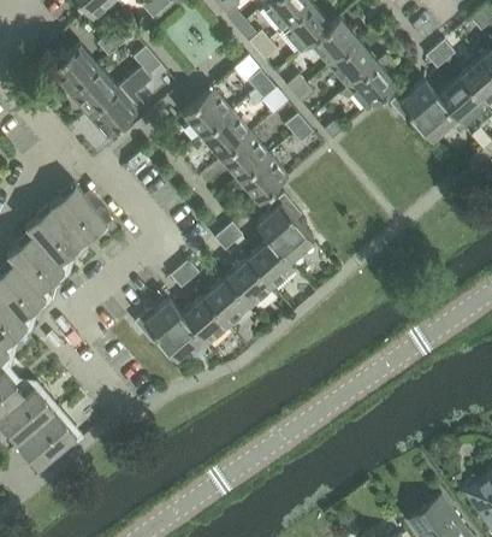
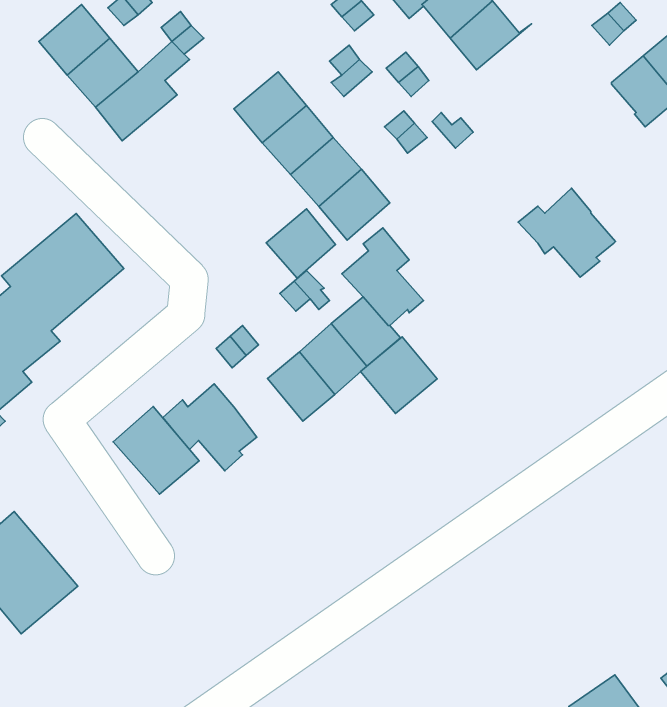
building: [342,55,397,110] -> none
building: [390,79,456,140] -> [518,188,616,277]
building: none -> [266,209,336,278]
building: none -> [361,337,437,413]
building: [183,296,230,346] -> none
building: none -> [113,407,199,494]

